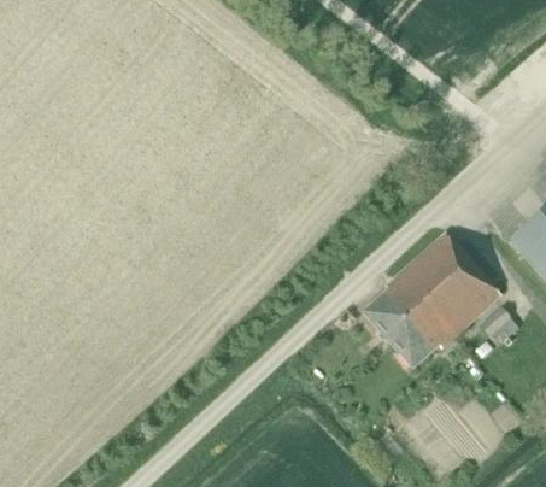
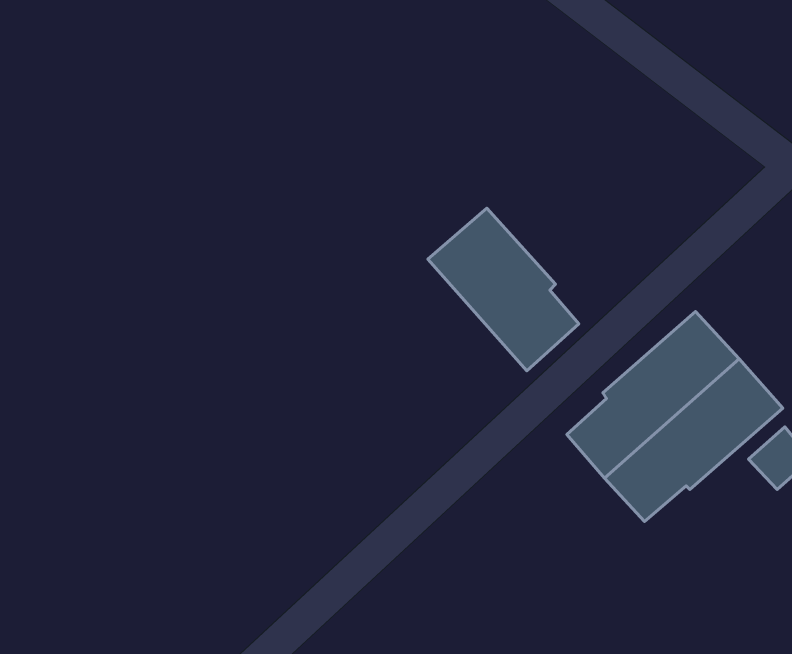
building: none -> [428,208,579,371]

